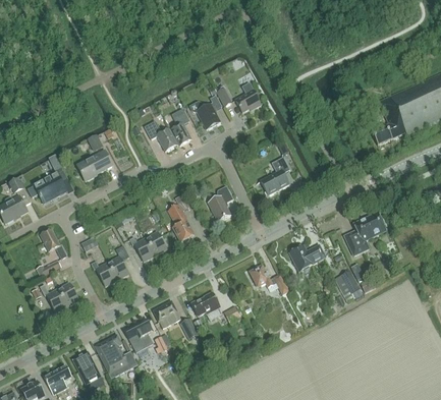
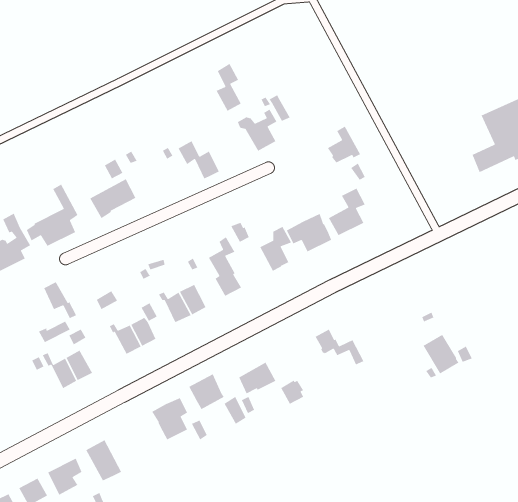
building: [235,82,262,112] -> [327,125,361,164]
building: [171,108,191,146] -> [215,63,242,112]
building: none -> [286,213,332,253]
building: [344,212,386,255] -> none
building: [289,244,325,271] -> none
building: [96,335,137,376] -> none

